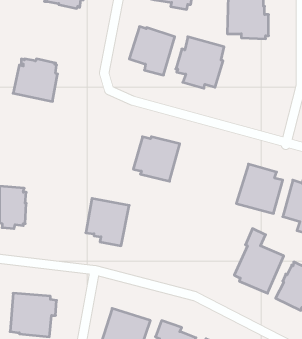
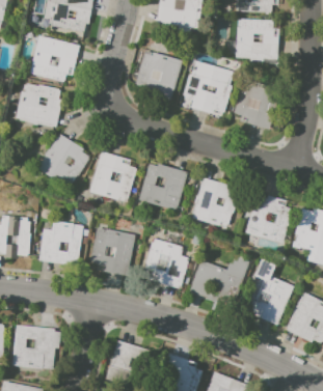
building: none -> [30,35,79,82]
building: none -> [234,79,280,130]
building: none -> [37,134,90,186]
building: none -> [89,151,136,203]
building: none -> [192,178,239,226]
building: none -> [39,221,82,264]
building: none -> [142,238,189,288]
building: none -> [189,258,250,303]

